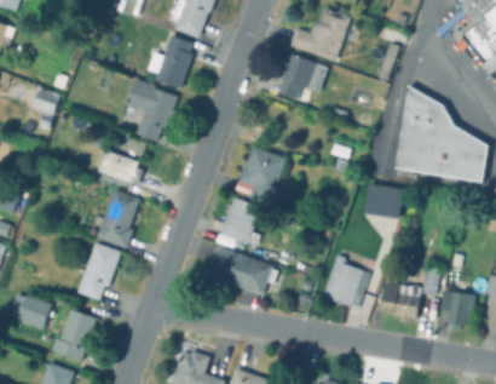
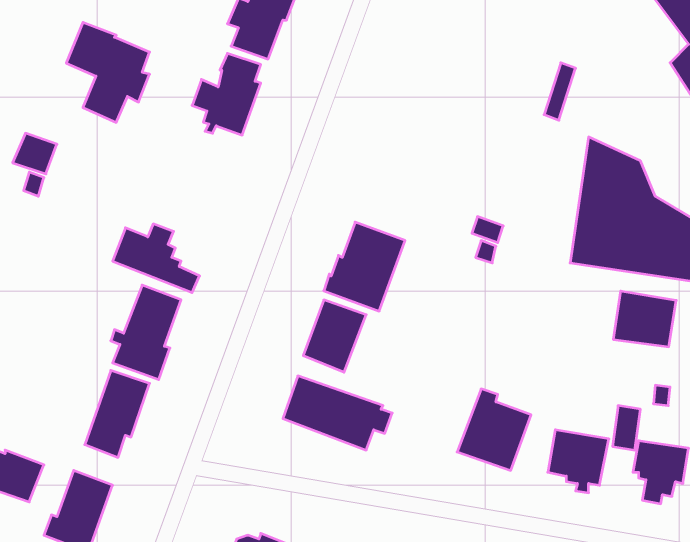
building: [290,6,358,59] -> none
building: [278,55,328,101] -> none
building: [125,76,179,142] -> [66,22,150,122]
building: [368,182,409,218] -> [613,291,676,347]

